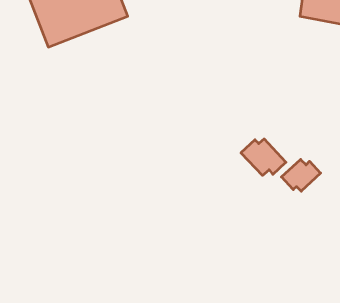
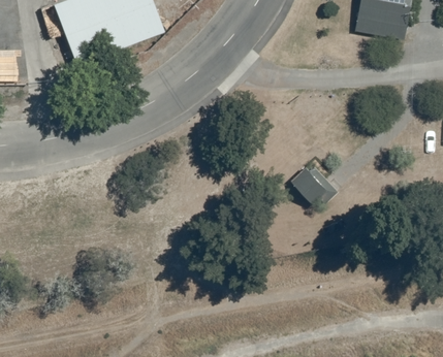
building: [281,159,321,191] -> none

